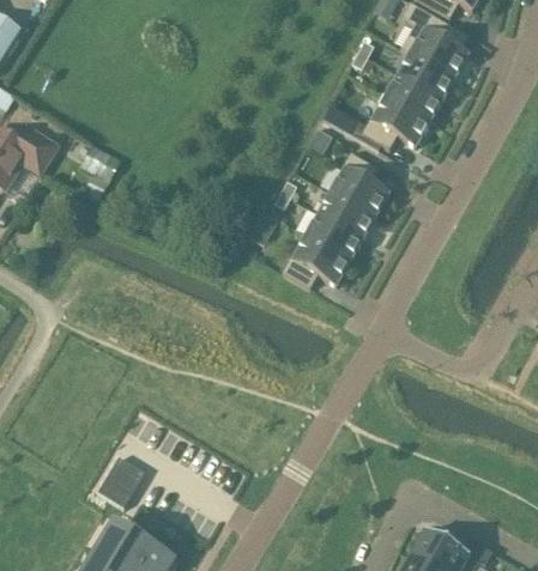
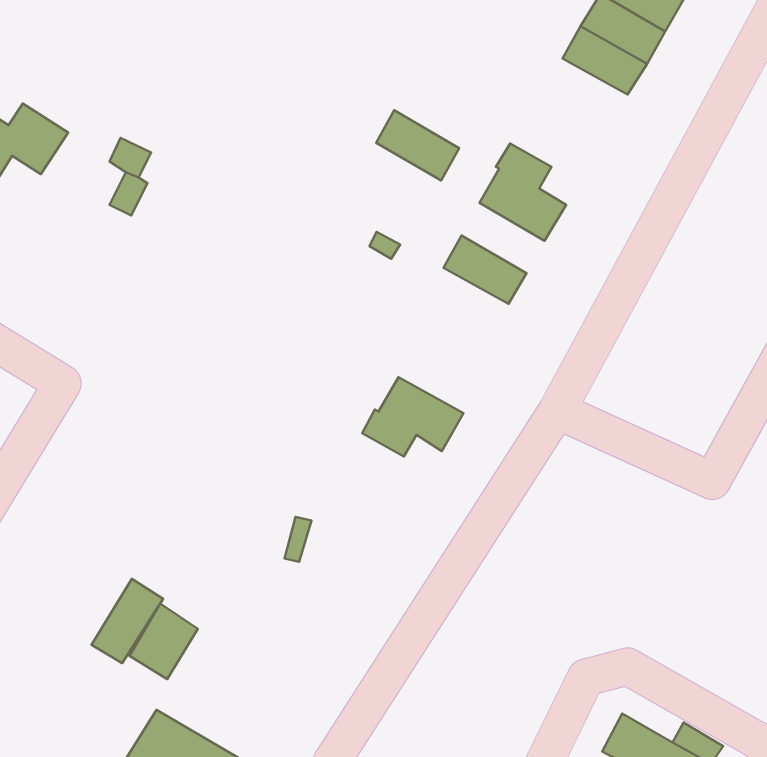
building: [362,95,429,147] -> none
building: [319,190,374,237] -> [376,110,459,181]
building: [283,233,350,286] -> [362,377,463,457]
building: none -> [92,579,163,663]

